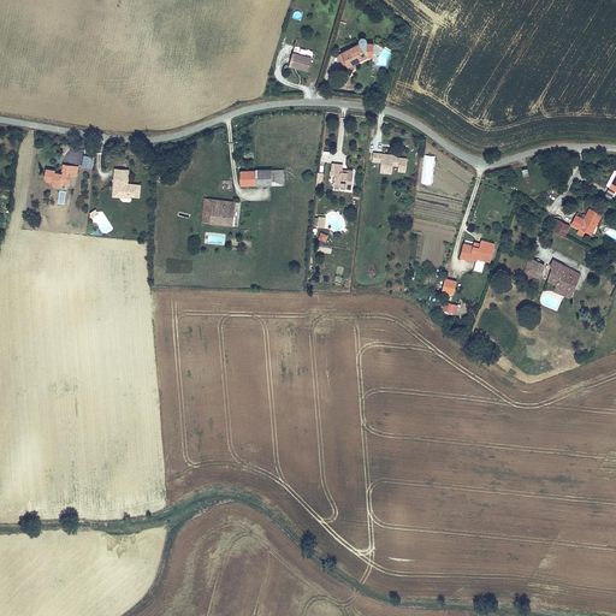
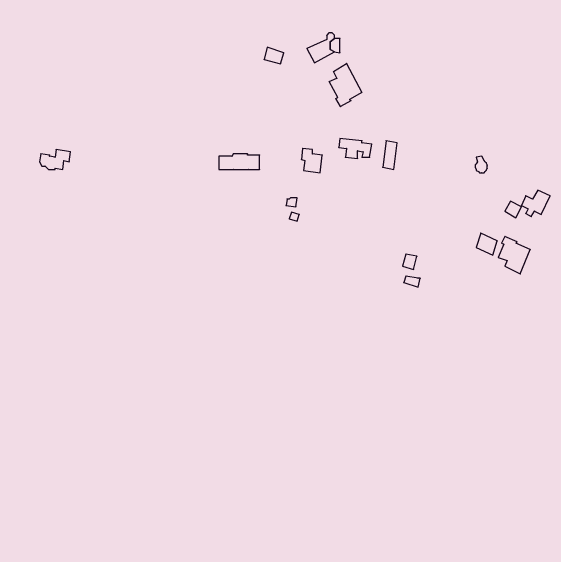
building: none -> [329,63,362,107]
building: [109,168,140,199] -> none
building: [200,197,235,225] -> none
building: [458,239,494,273] -> none

